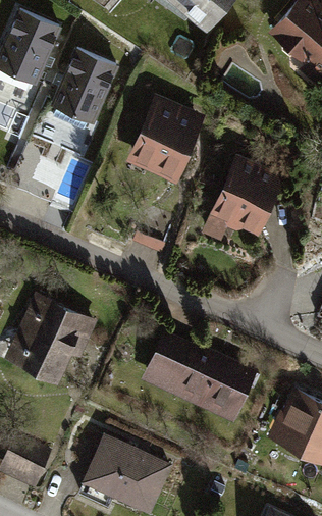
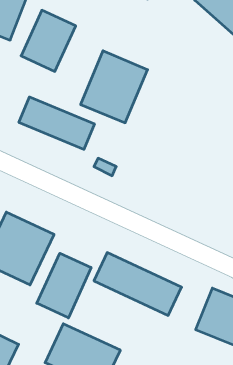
building: none -> [19,97,94,149]
building: [212,161,280,233] -> none
building: none -> [37,253,91,318]

